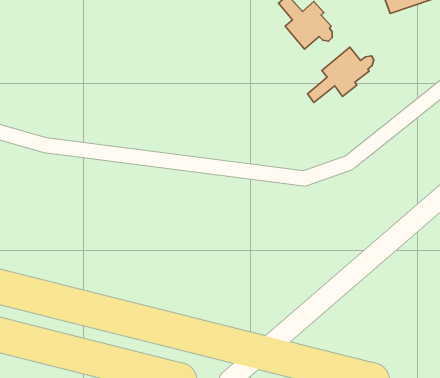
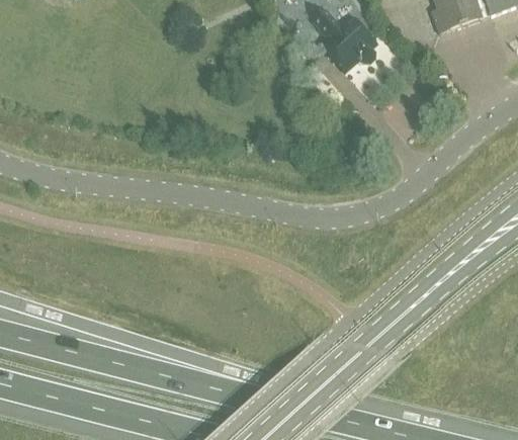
building: [307,47,374,103] -> none

